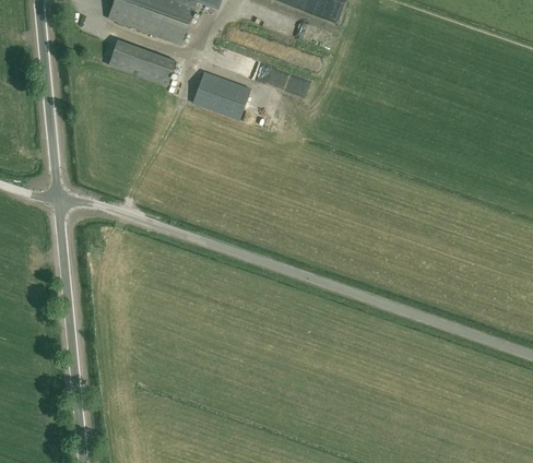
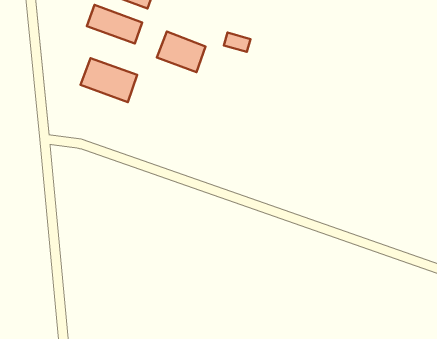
building: none -> [80,58,137,102]

